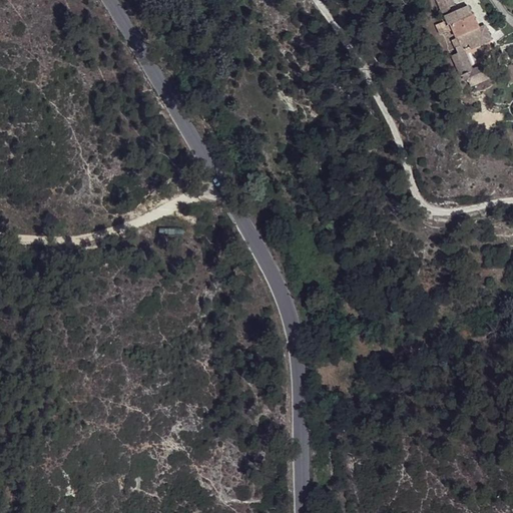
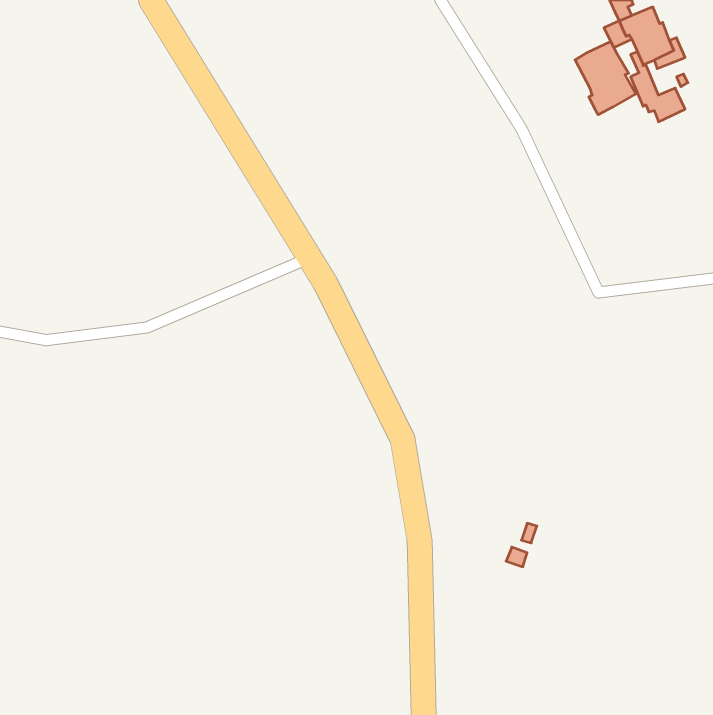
building: none -> [575,42,636,115]

